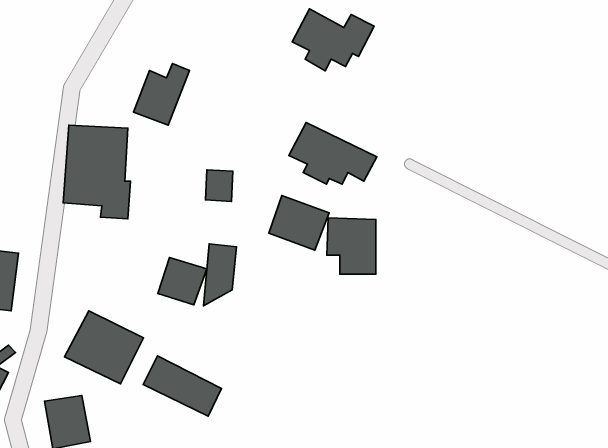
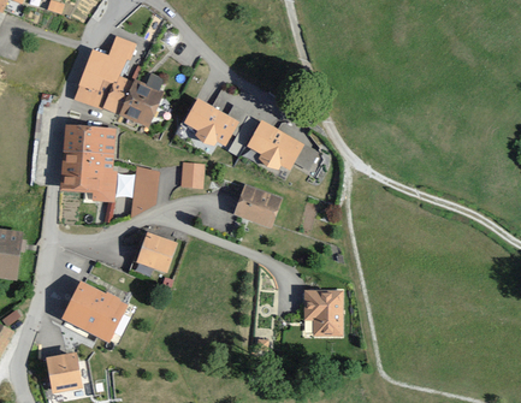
building: [292,9,374,71] -> [185,100,254,152]
building: none -> [77,34,137,113]
building: [327,218,376,274] -> [303,288,344,334]
building: [203,244,237,306] -> [131,166,159,218]
building: [143,356,222,416] -> none

